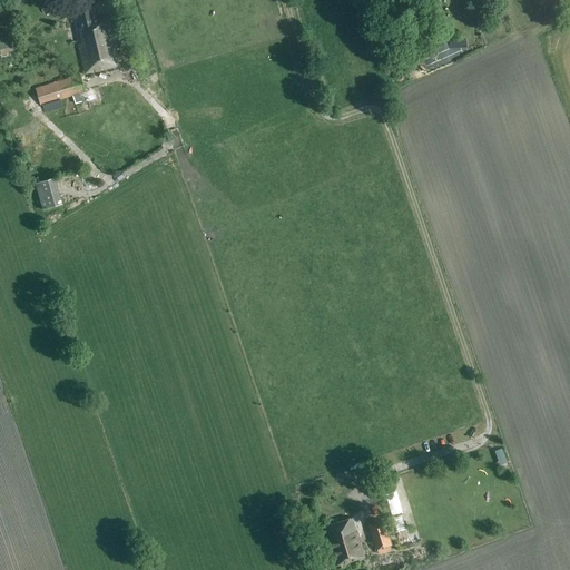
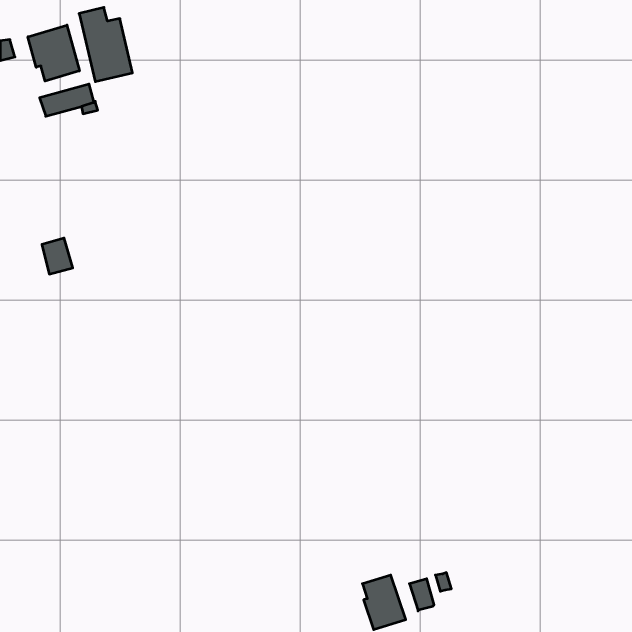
building: none -> [28,25,79,81]
building: [36,178,63,210] -> [42,238,73,274]

